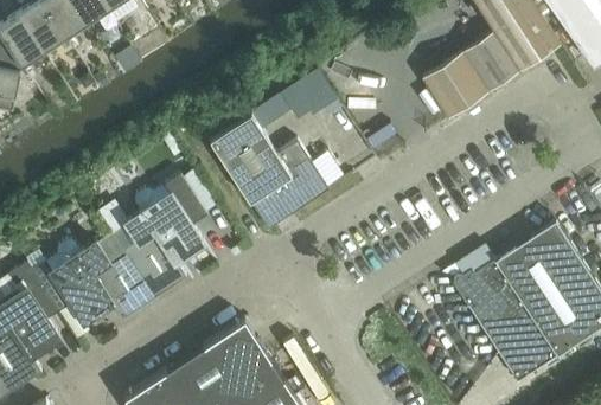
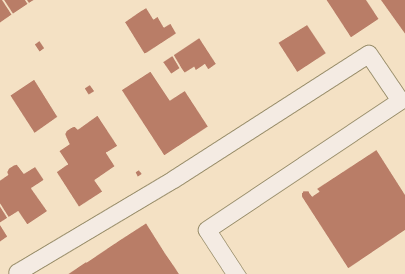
building: none -> [124,7,177,54]
building: [462,31,520,91] -> none
building: none -> [9,79,58,134]
building: [91,251,154,320] -> none

